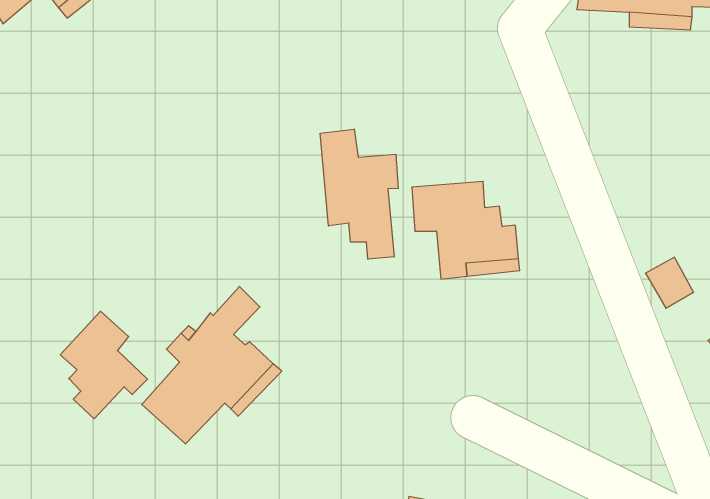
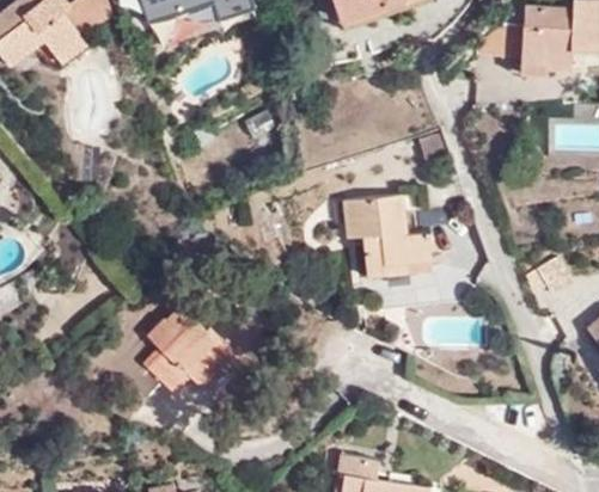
building: [320,129,398,259] -> none
building: [60,311,148,419] -> none

